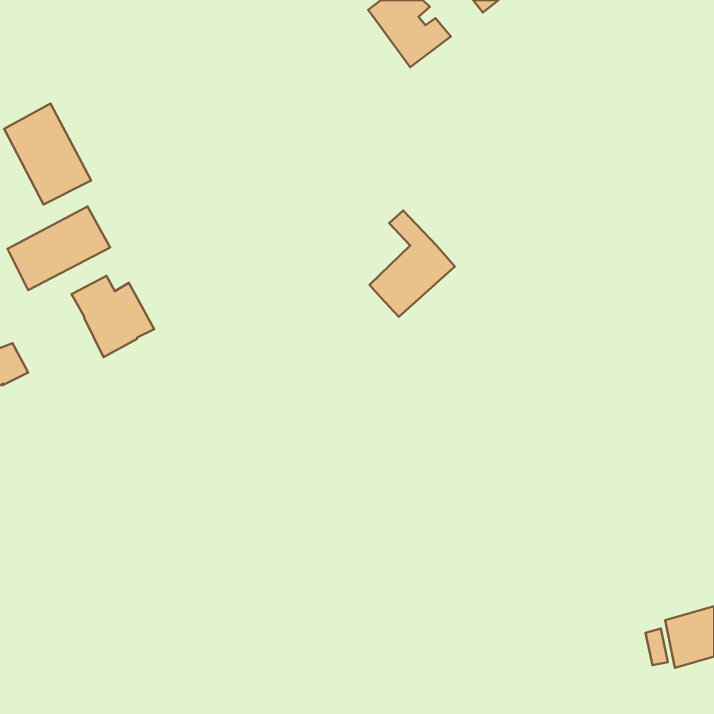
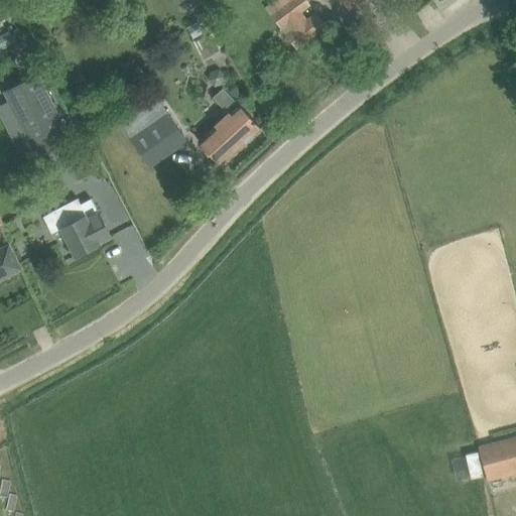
building: none -> [126,108,181,167]
building: [7,207,110,290] -> none
building: [369,210,455,317] -> [199,89,260,165]

